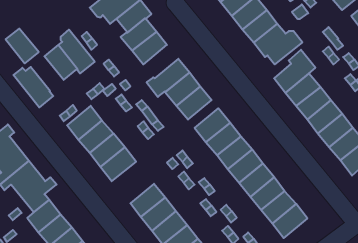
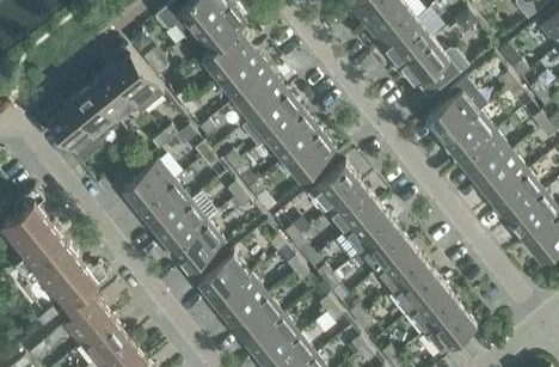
building: [6,29,39,63] -> [68,87,117,139]
building: none -> [234,71,285,120]
building: none -> [198,255,250,304]

